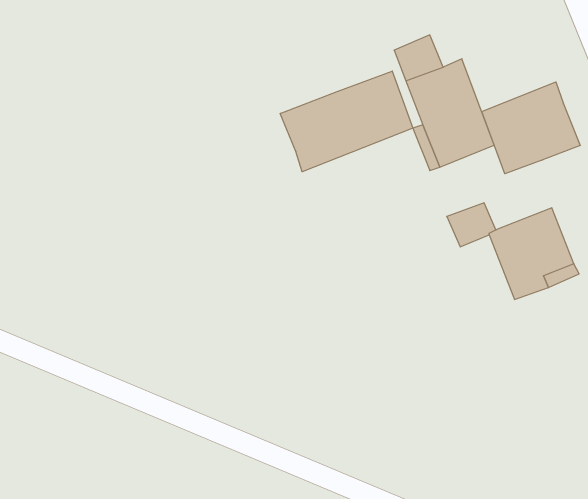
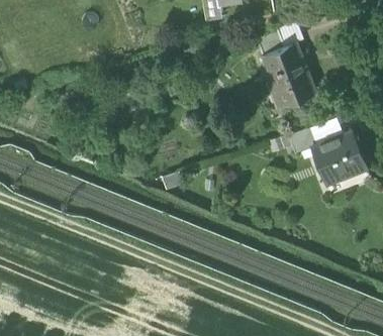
building: [280,71,413,172] -> none
building: [482,82,580,174] -> none

